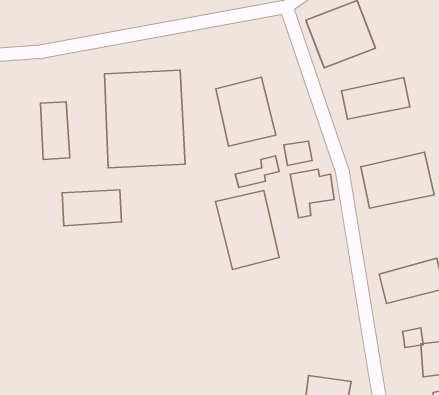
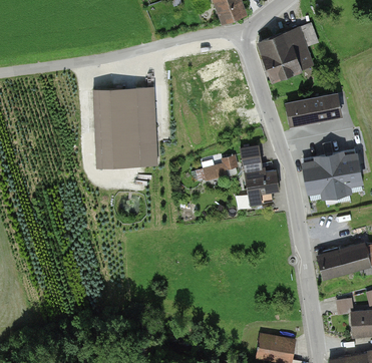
building: [216,77,276,146] -> none
building: [41,102,70,159] -> none
building: [62,190,121,226] -> none
building: [216,190,279,269] -> none

